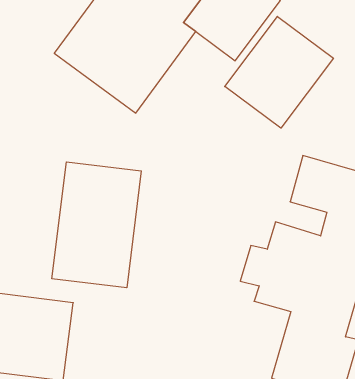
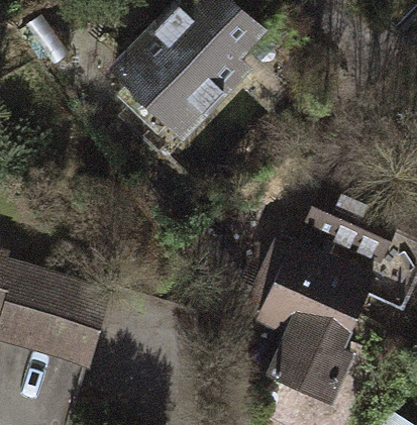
building: [225,16,333,128] -> none
building: [52,162,141,288] -> none

